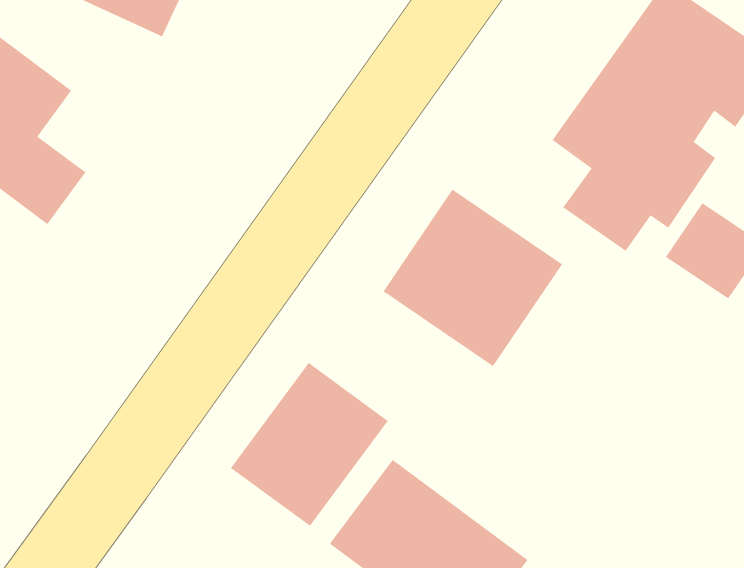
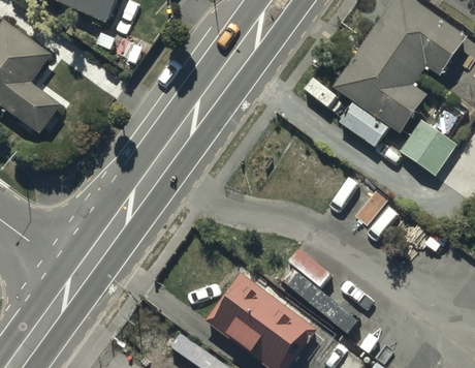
building: [382,188,563,367] -> none
building: [230,362,389,527] -> none

